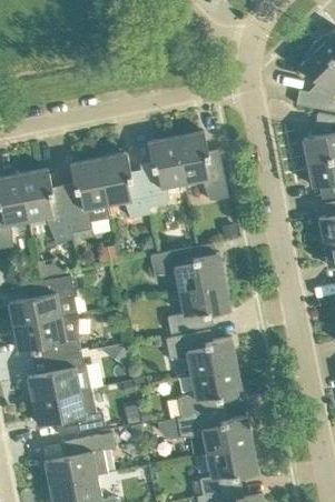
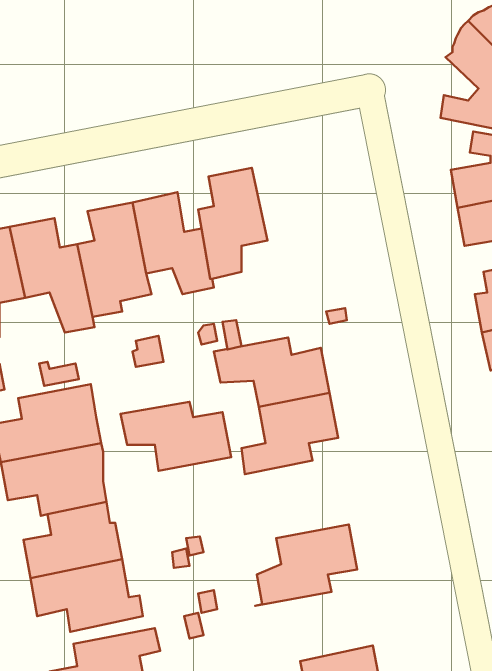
building: [174,131,227,200] -> none
building: [165,330,236,374] -> [120,402,231,471]
building: [176,409,252,453] -> none

